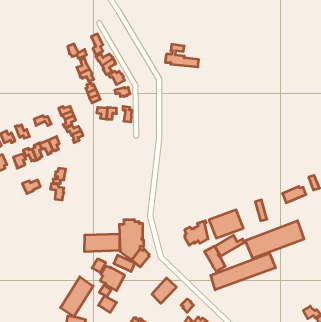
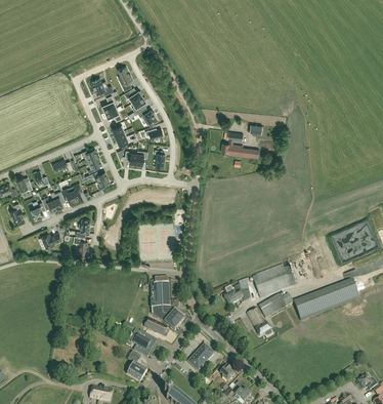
building: [165,44,199,67] -> [221,131,259,157]
building: [85,234,120,252] -> none
building: [211,253,275,290] -> none
building: [60,277,93,317] -> none

